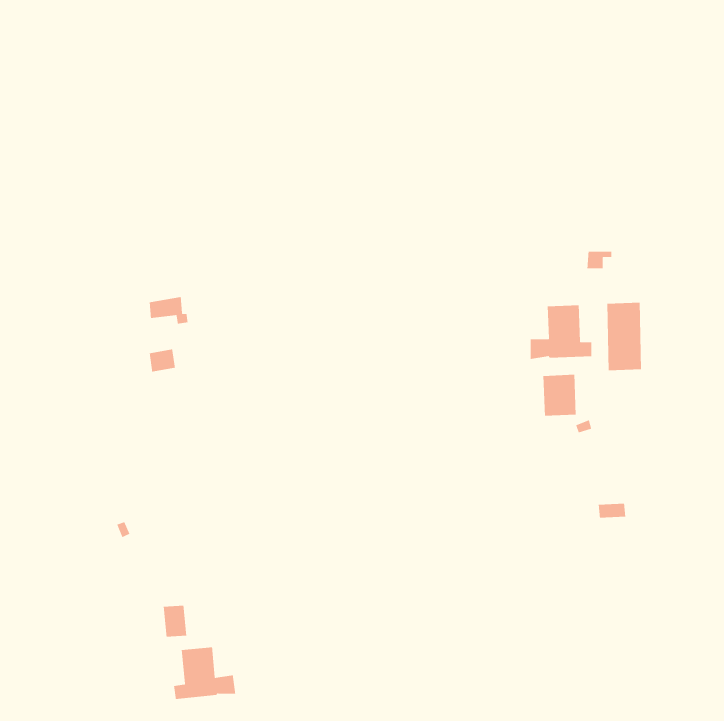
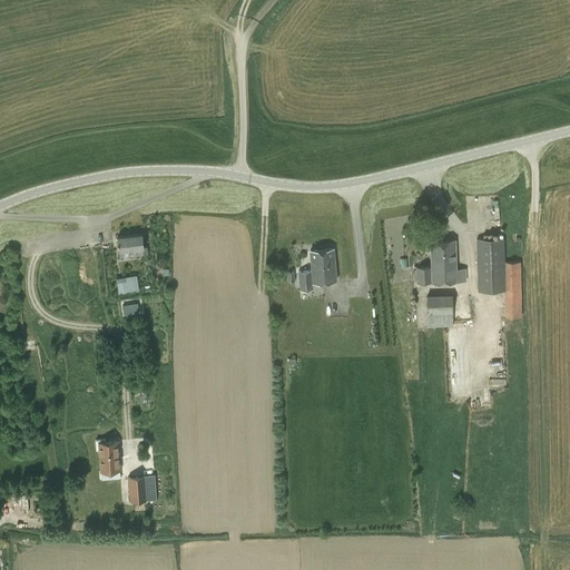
building: none -> [298,250,336,291]
building: none -> [96,441,119,473]
building: [173,647,236,700] -> none

